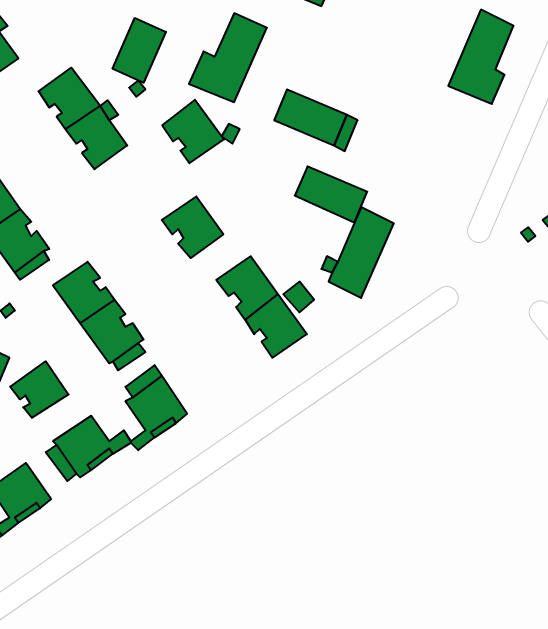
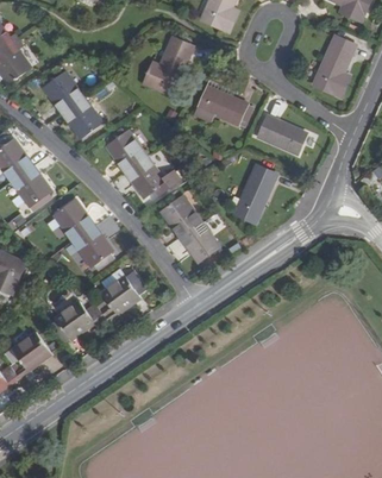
building: [113,18,166,83] -> none
building: [162,100,224,163] -> [106,130,146,171]
building: [295,166,367,223] -> [257,115,305,152]
building: [10,361,69,418] -> none

